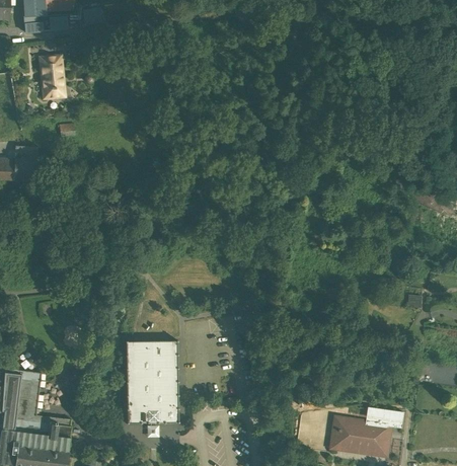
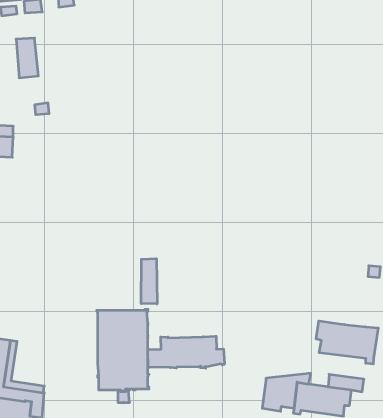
building: none -> [141,259,157,304]
building: none -> [316,321,378,364]
building: none -> [148,336,224,368]

